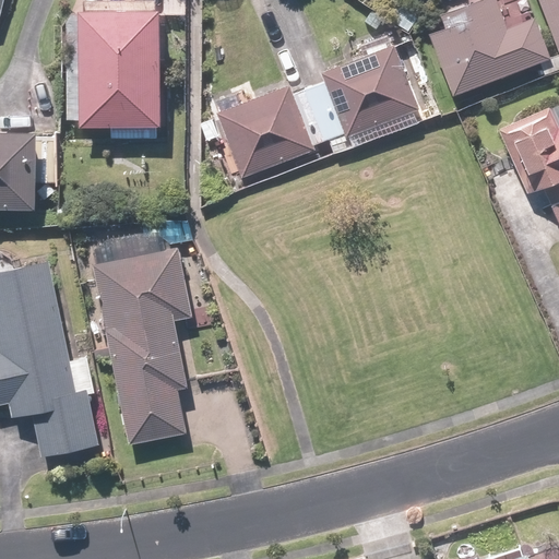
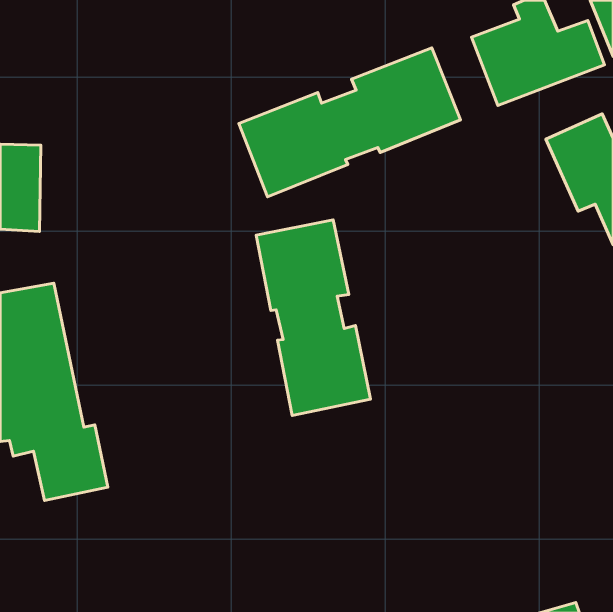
building: [80,12,162,130] -> none
building: none -> [256,220,370,415]
building: [92,246,191,443] -> none

